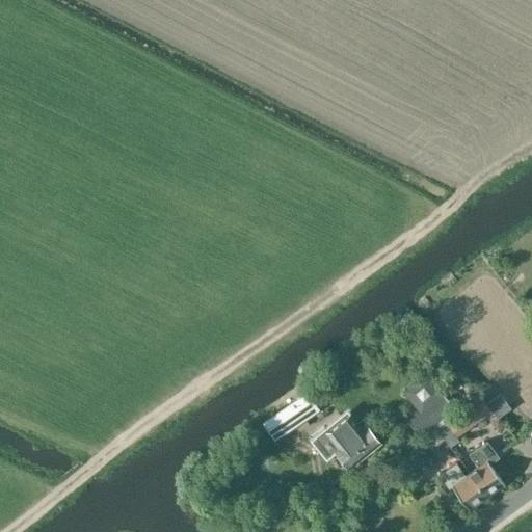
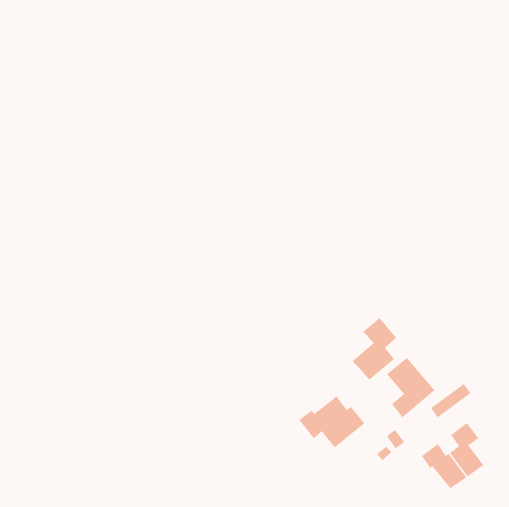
building: none -> [352,317,397,381]
building: [262,392,319,443] -> none

